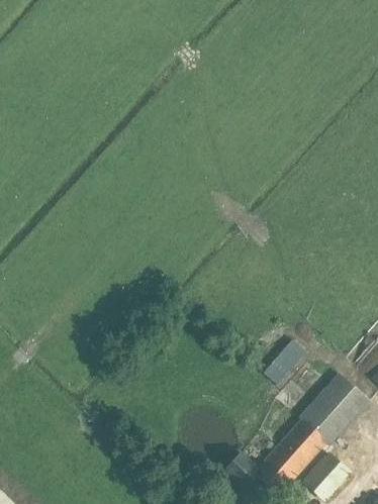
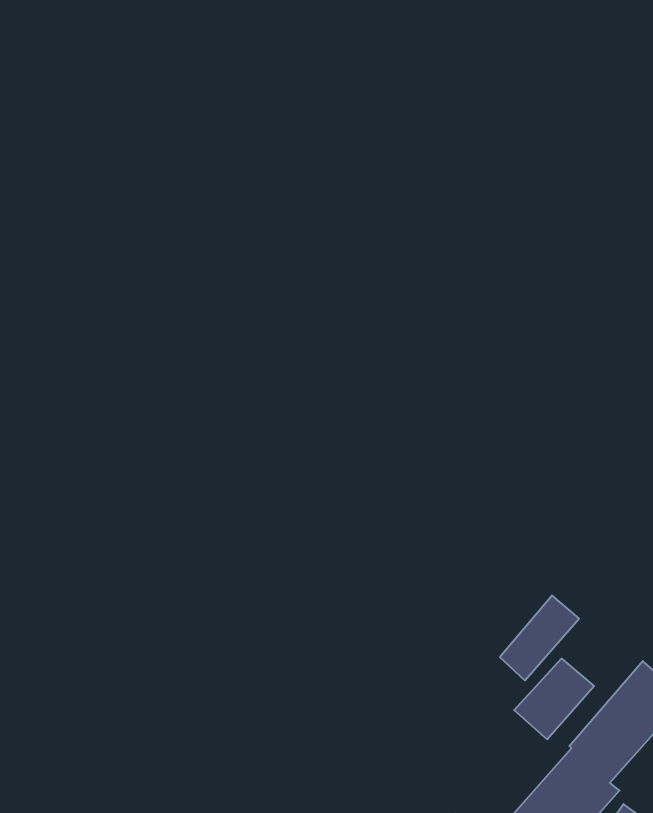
building: none -> [514,659,594,739]

